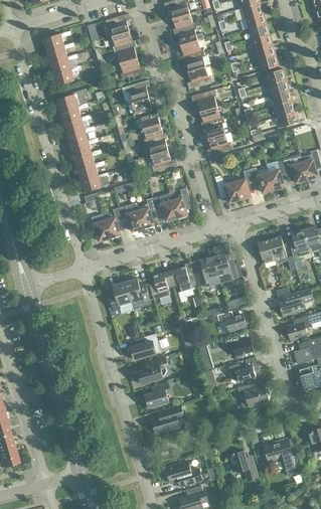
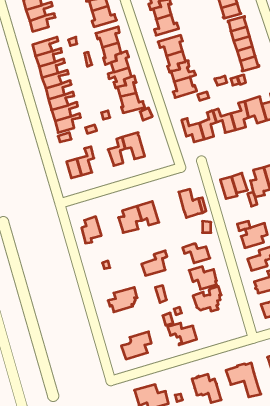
building: [170,187,191,217] -> none
building: [119,202,143,230] -> none
building: [193,256,218,286] -> none
building: [124,278,149,302] -> none
building: [130,333,157,359] -> [142,251,167,275]
building: [144,382,168,407] -> none
building: [236,383,268,406] -> [168,323,197,345]

